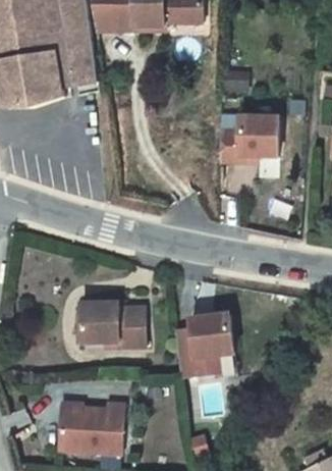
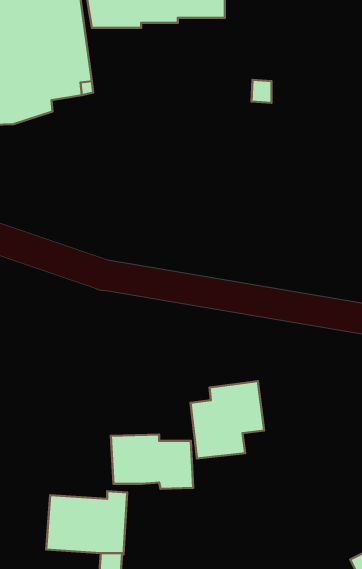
building: [219,116,278,160] -> none
building: [79,302,146,346] -> [111,435,193,489]

